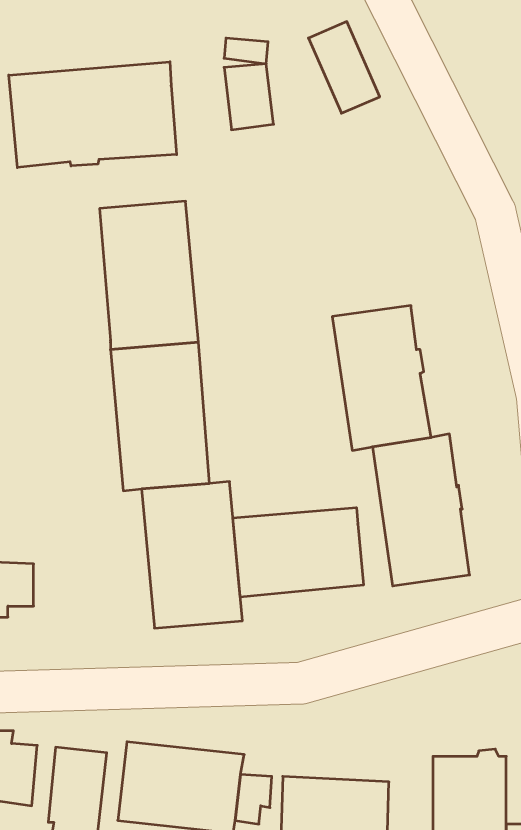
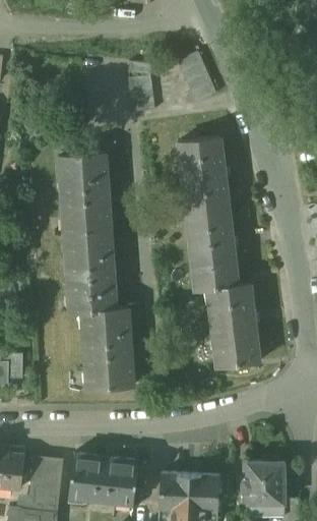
building: [9,62,177,168] -> none
building: none -> [176,136,231,219]
building: [233,508,363,597] -> none

